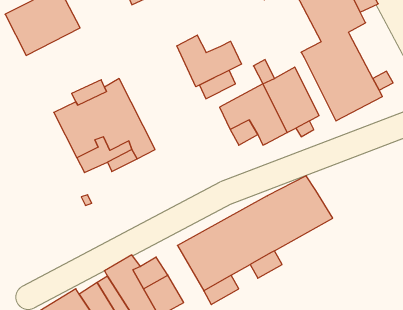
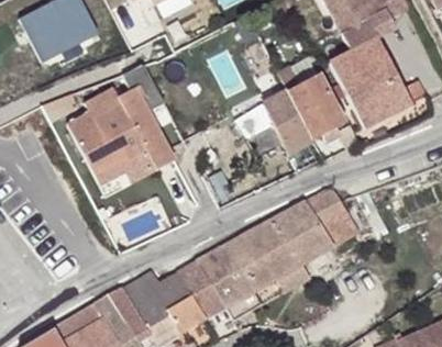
building: [177,35,242,87] -> none
building: none -> [176,259,225,318]

